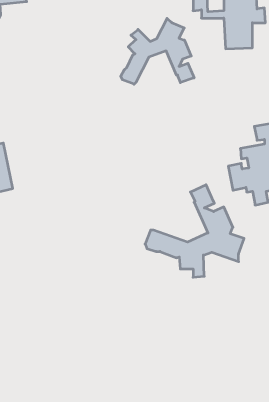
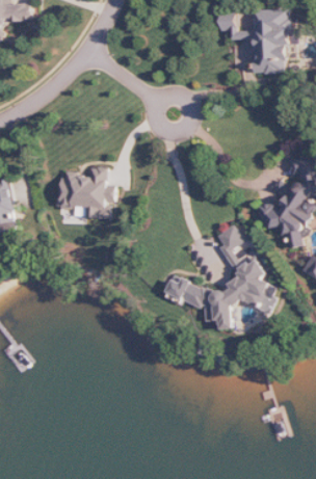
building: [121,18,194,84] -> none
building: none -> [58,167,113,218]

